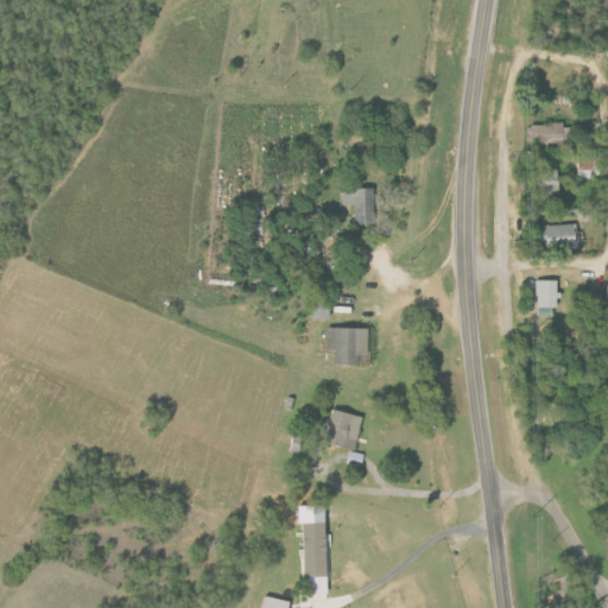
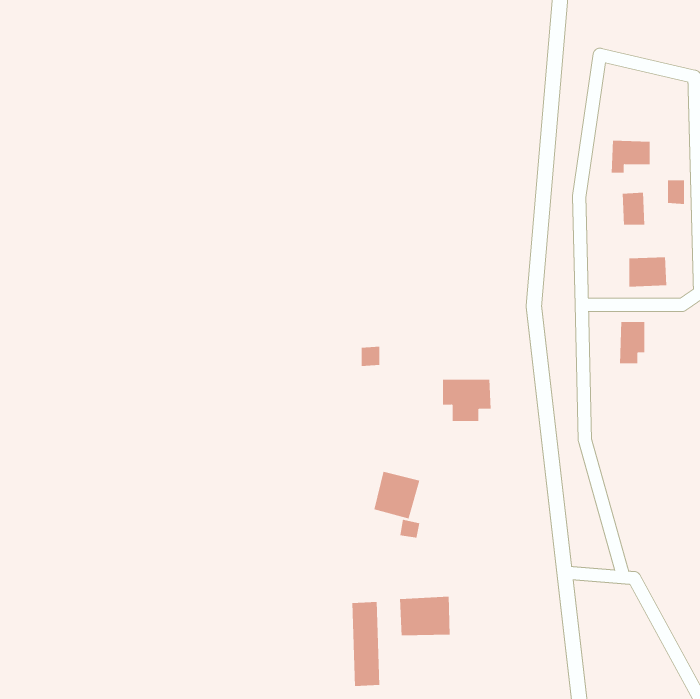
building: [343,186,374,222] -> none
building: [327,327,369,363] -> [442,379,492,422]
building: none -> [400,596,450,636]

